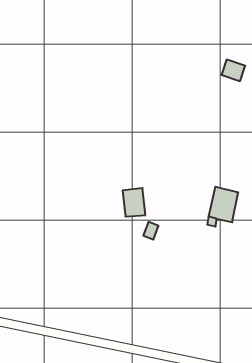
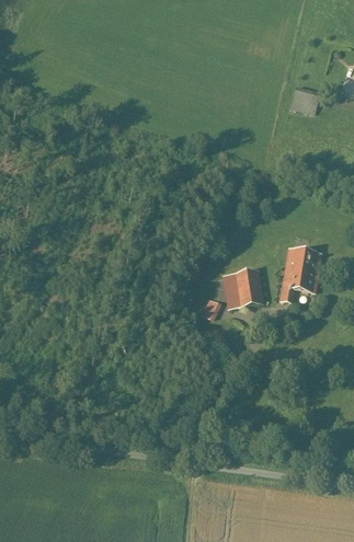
building: [123,188,145,217] -> [231,268,262,305]

